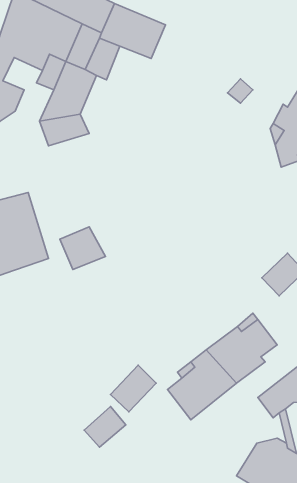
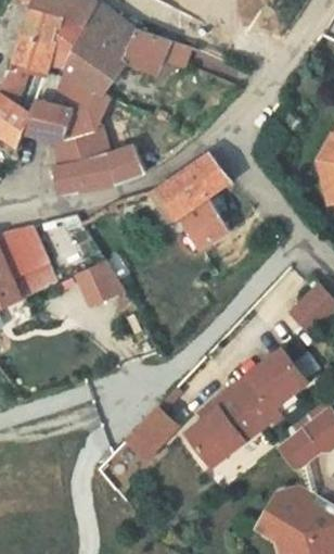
building: none -> [29,99,70,143]
building: none -> [54,151,138,197]
building: none -> [153,160,231,268]

